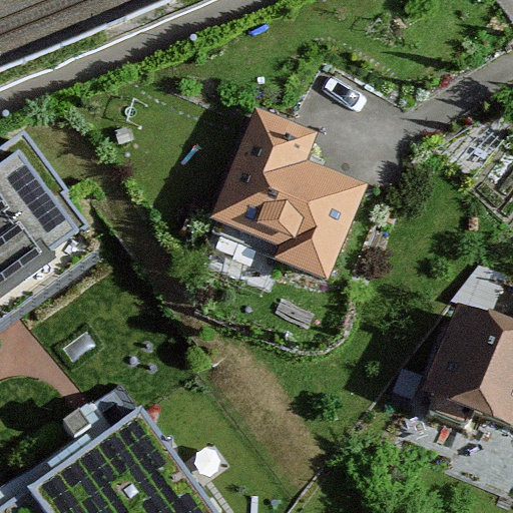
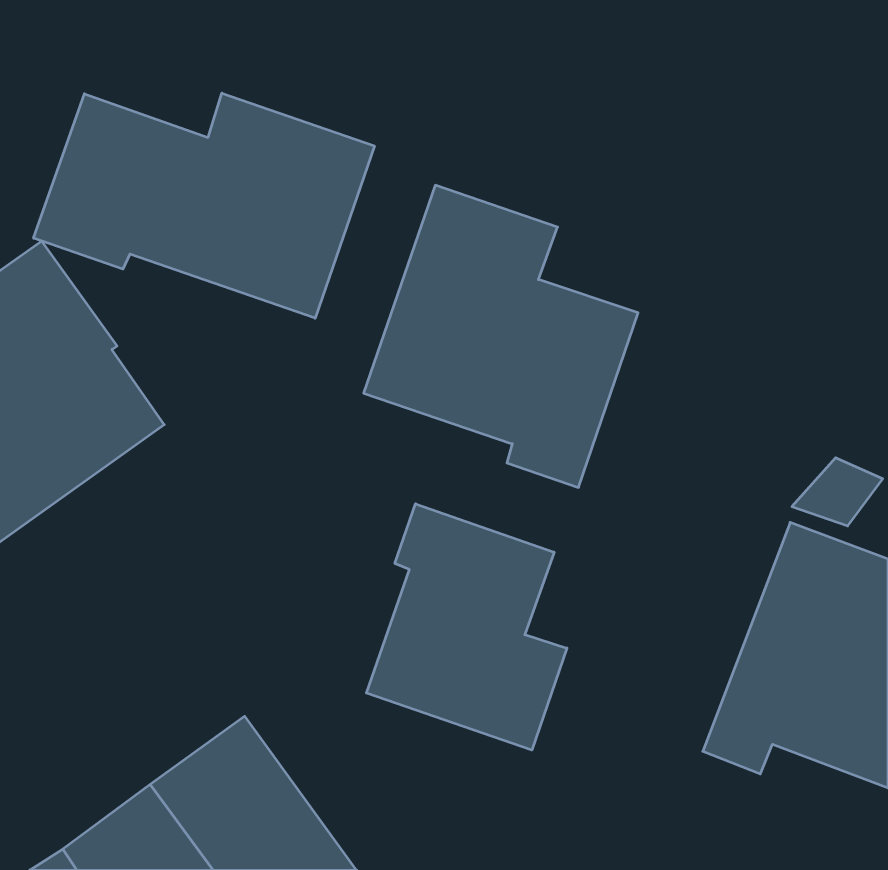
building: none -> [34,93,374,318]
building: none -> [366,504,567,750]

